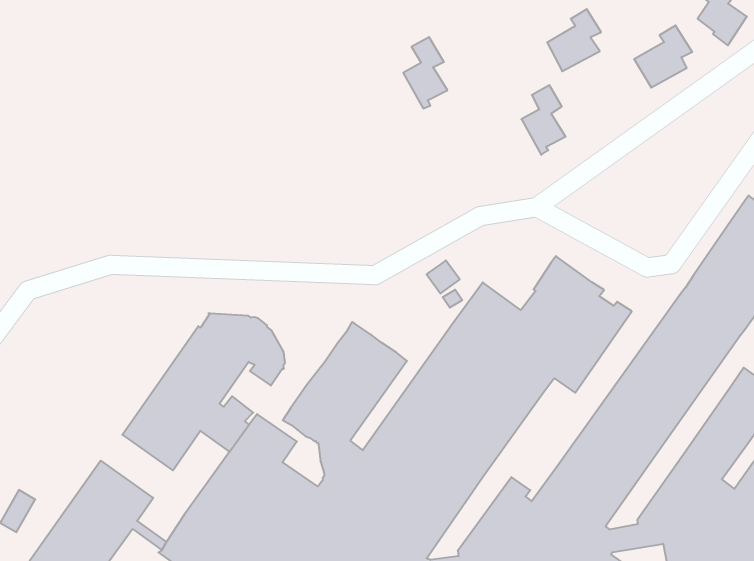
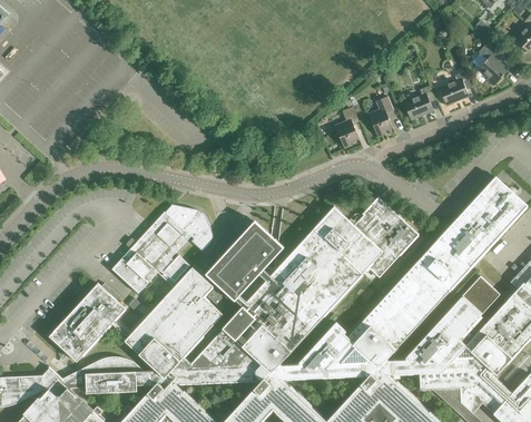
building: [547,9,601,71] -> [404,86,436,120]
building: [403,37,447,108] -> [335,107,360,148]

